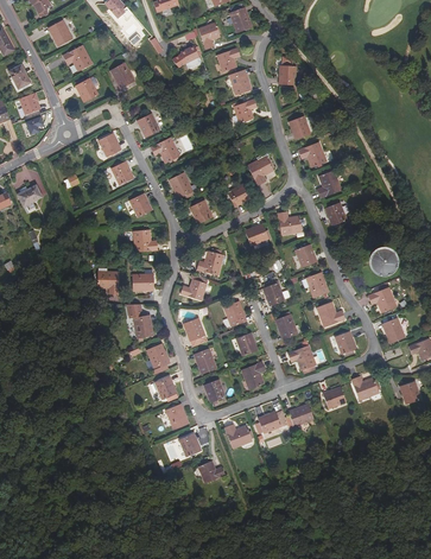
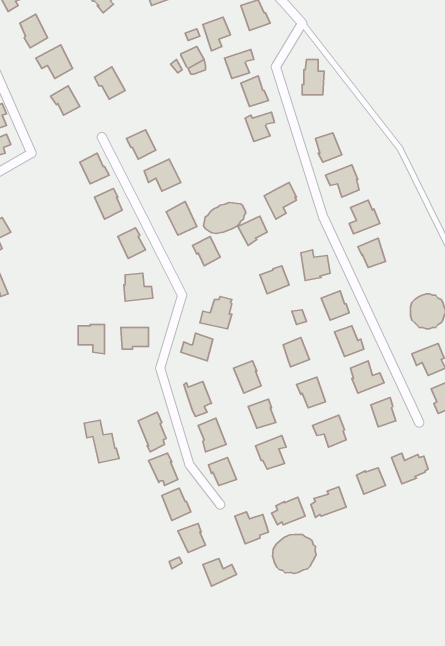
building: none -> [204,203,246,234]
building: [126,304,154,338] -> [84,420,119,463]
building: none -> [273,534,316,574]

